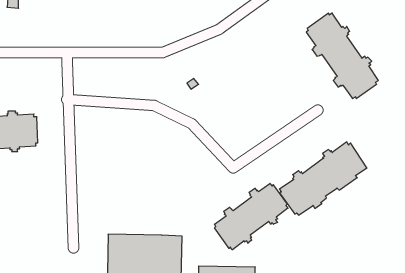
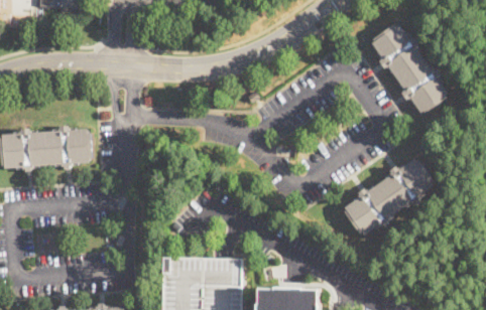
building: [215,183,288,250] -> none

